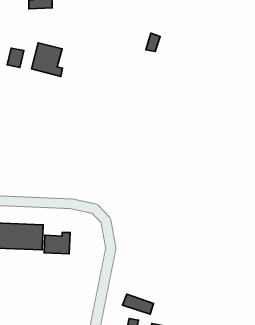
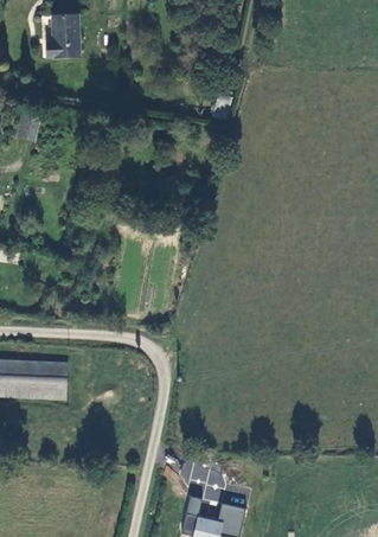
building: [32,43,62,76] -> none
building: [44,232,70,254] -> none

